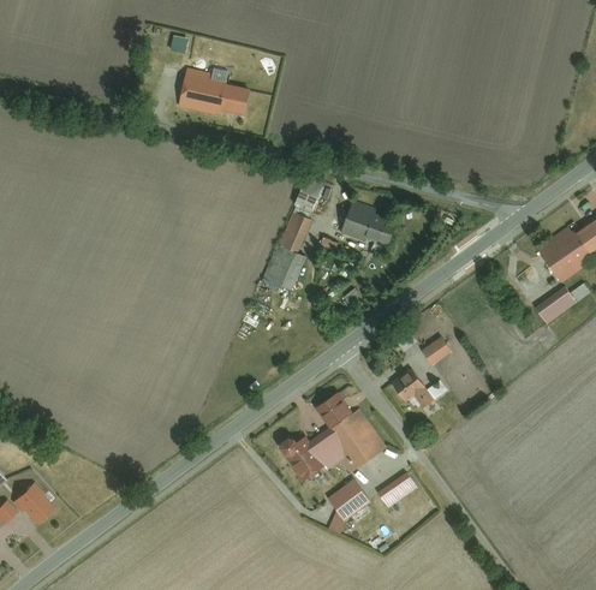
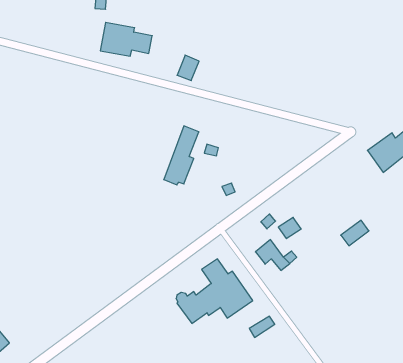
building: [294,177,324,211] -> [177,55,199,81]
building: [340,204,397,240] -> none
building: [540,286,578,321] -> [341,220,369,246]
building: [328,482,369,523] -> none

